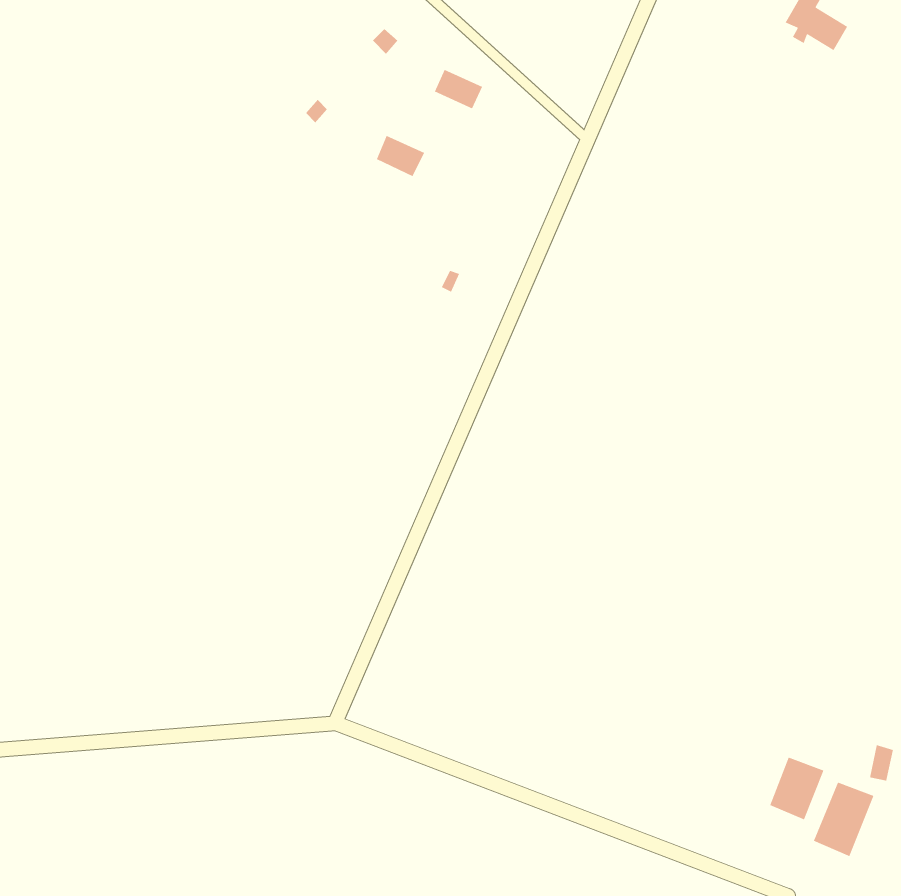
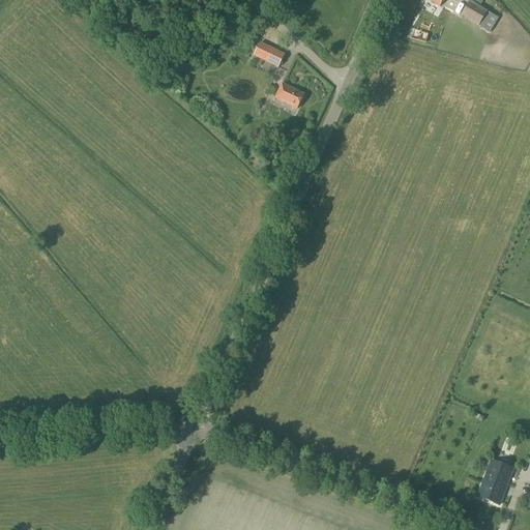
building: [376,135,425,177] -> [275,82,304,107]
building: [769,757,825,820] -> none

